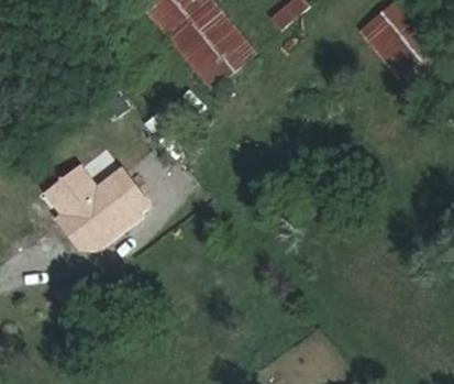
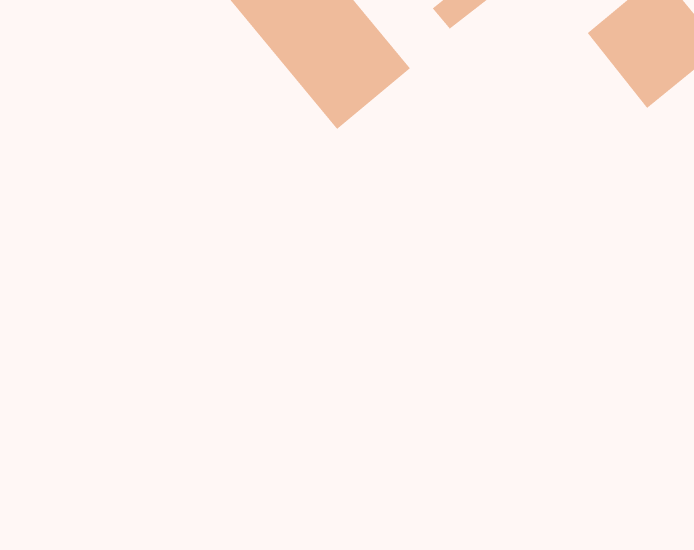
building: [44,156,145,245] -> none

